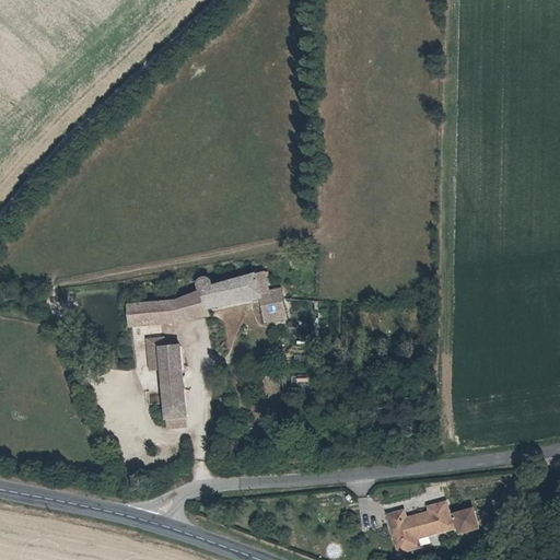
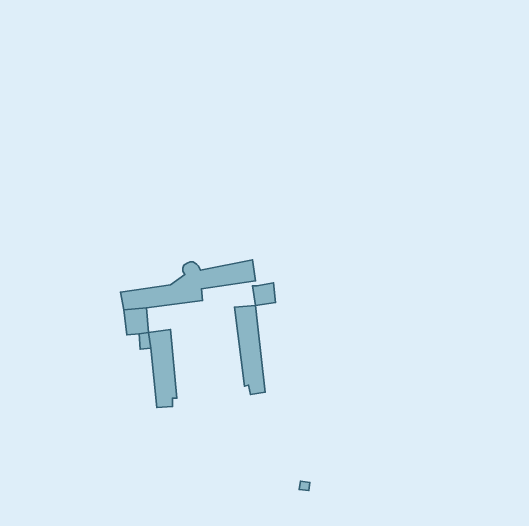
building: none -> [234,306,265,395]
building: [387,500,478,548] -> none

